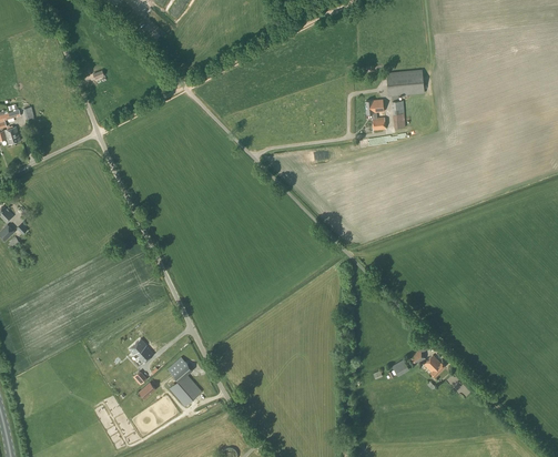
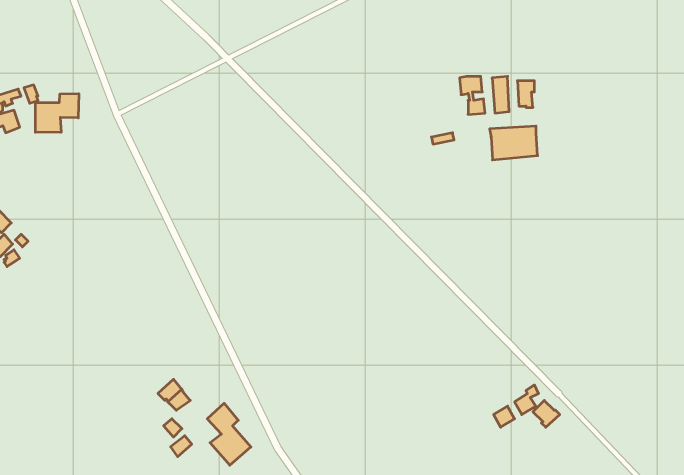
building: [386,70,424,97] -> [490,126,538,160]
building: none -> [35,94,79,132]

